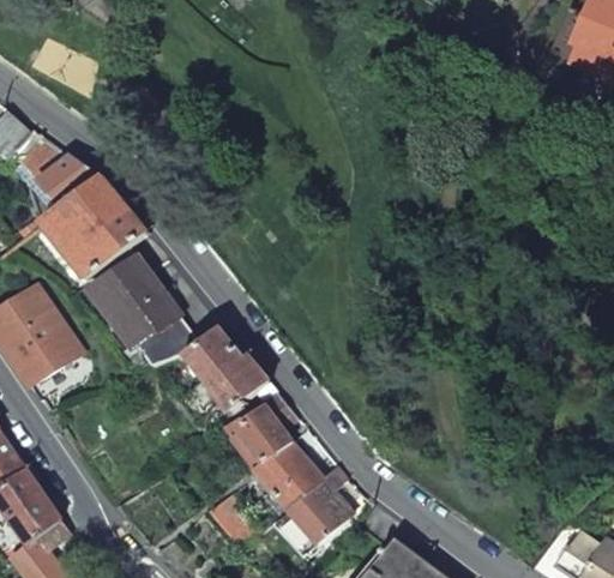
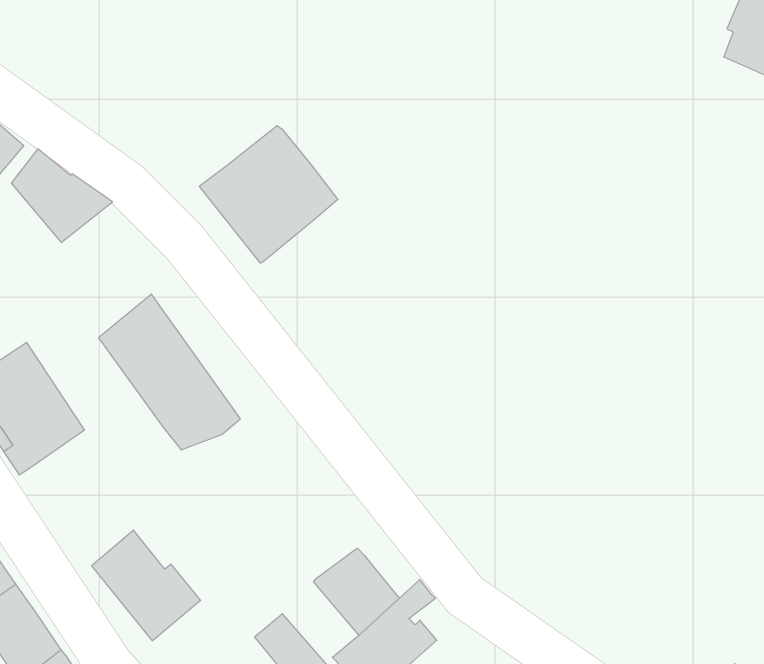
building: [40,175,146,281] -> [199,126,338,263]
building: [183,326,267,411] -> [92,530,201,641]
building: [224,391,296,465] -> none

